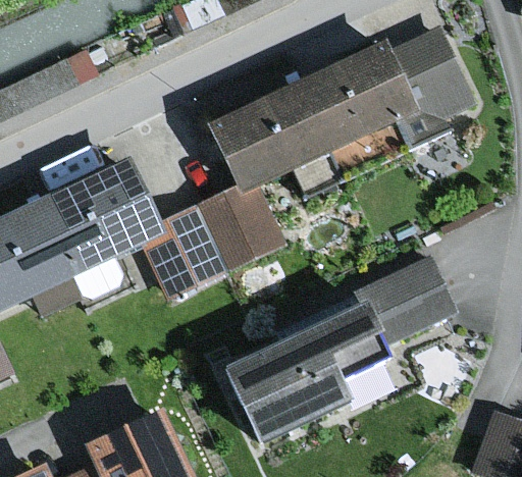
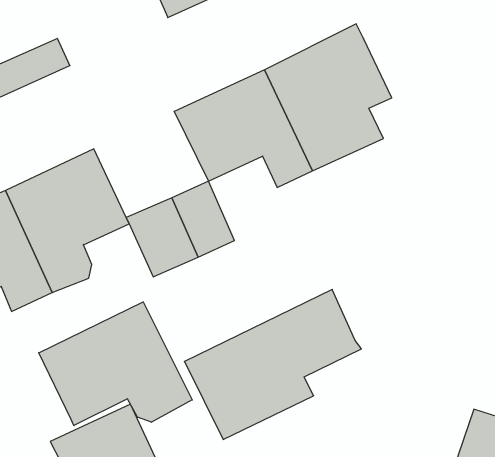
building: [390,29,478,118] -> none
building: [357,256,460,347] -> none
building: none -> [39,302,192,426]

